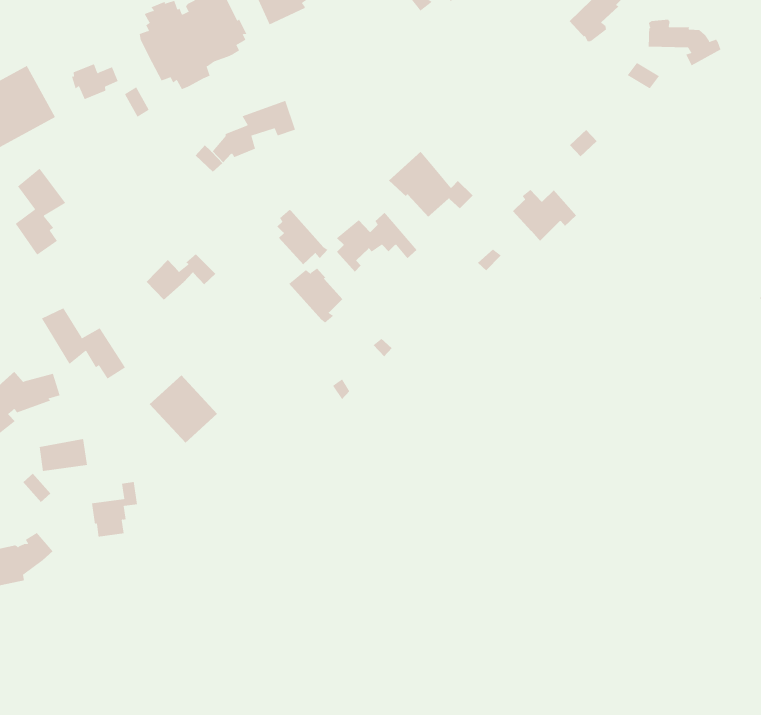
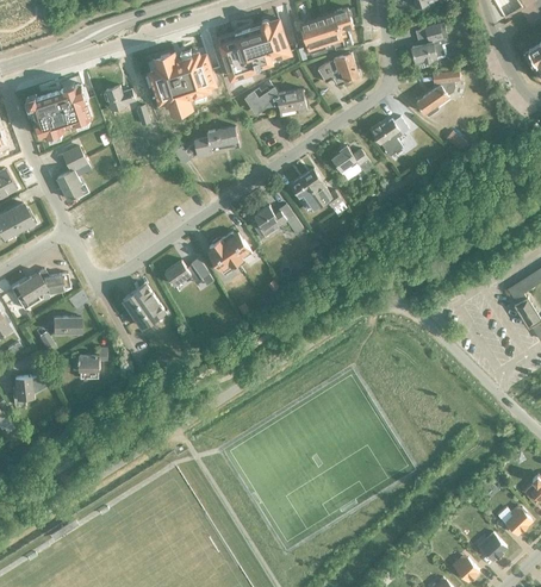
building: [648,19,721,66] -> none
building: none -> [245,87,305,111]
building: none -> [368,117,408,156]
building: [512,189,577,242] -> [331,145,371,179]
building: [276,209,328,265] -> [209,237,238,273]
building: [146,253,216,300] -> [164,258,209,285]
building: [41,308,126,380] -> none

